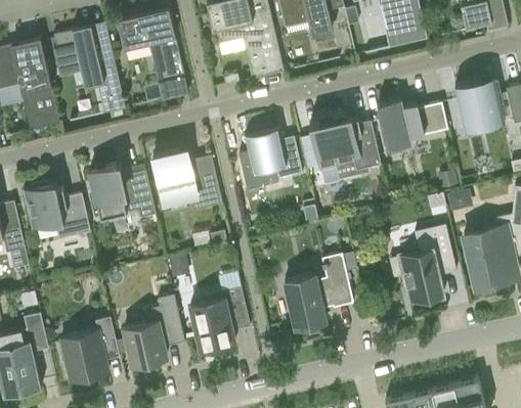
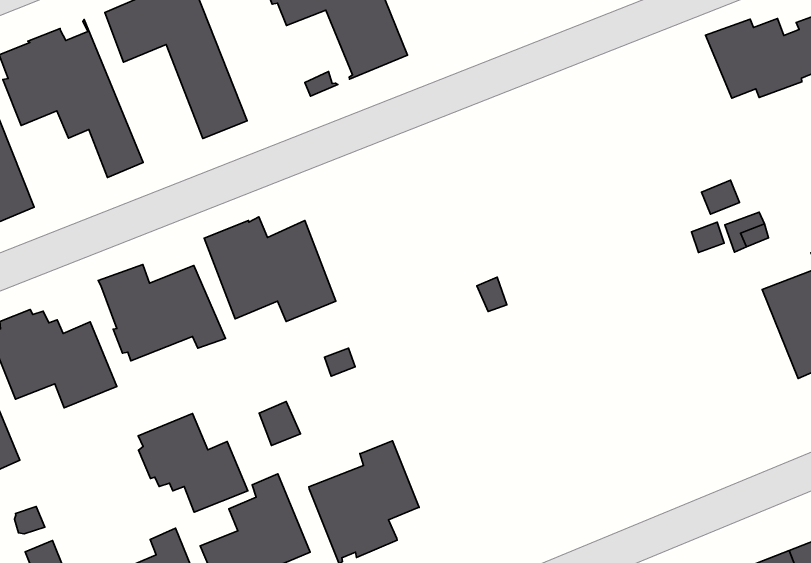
building: [377,100,447,151] -> none
building: [308,114,381,178] -> none
building: [245,129,302,181] -> none
building: [389,226,455,305] -> none
building: [284,255,353,330] -> none
building: none -> [138,414,248,512]

